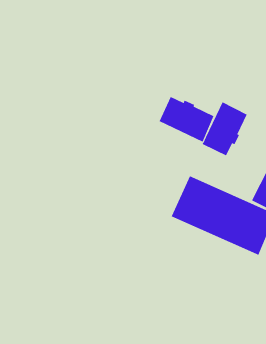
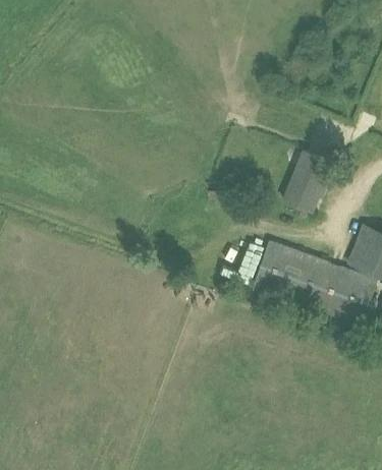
building: [159,96,214,142] -> none

